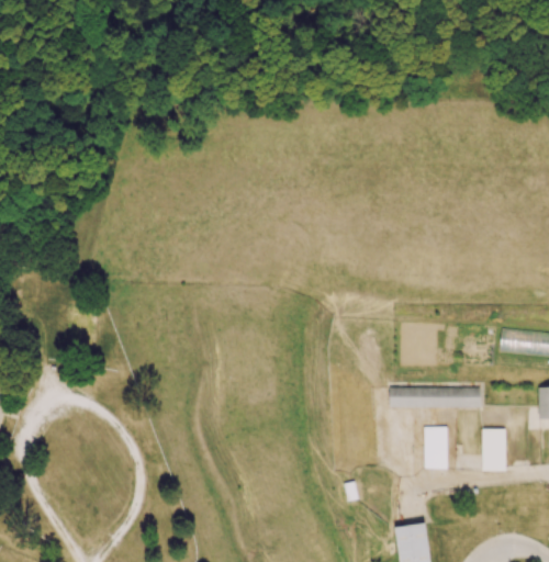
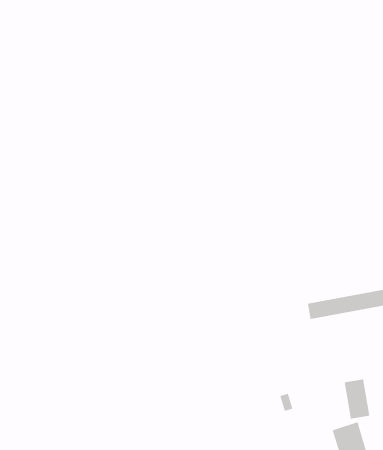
building: [424,427,446,468] -> [344,379,370,419]

